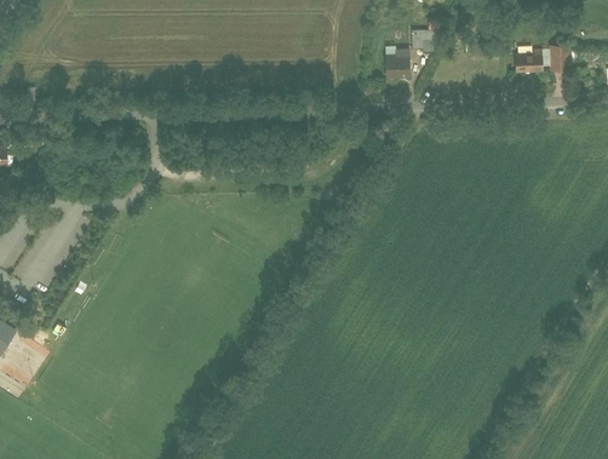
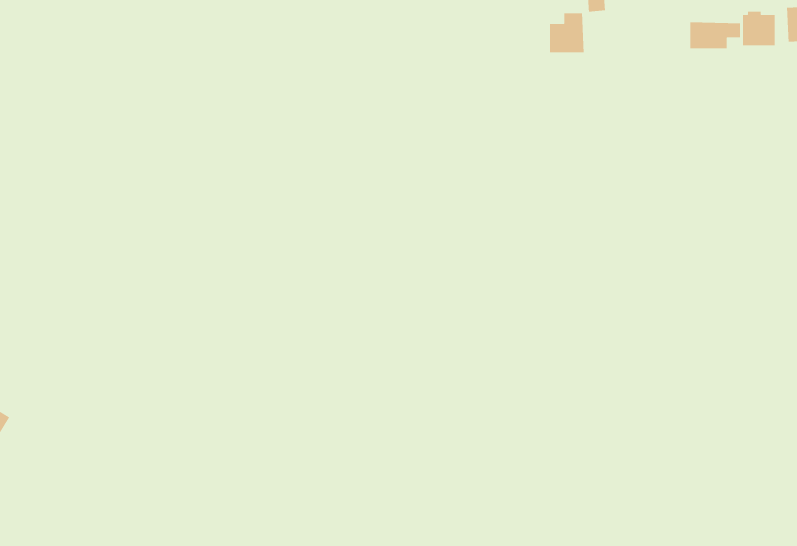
building: none -> [690,21,741,49]

